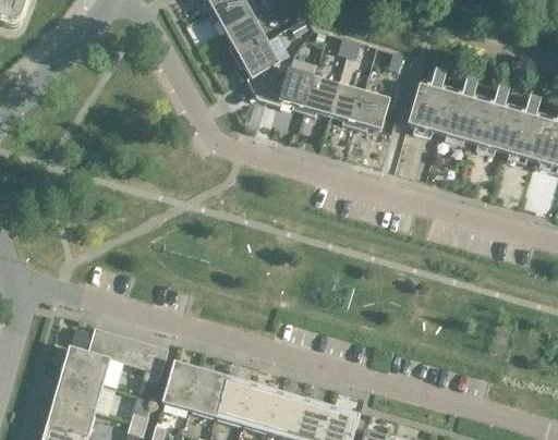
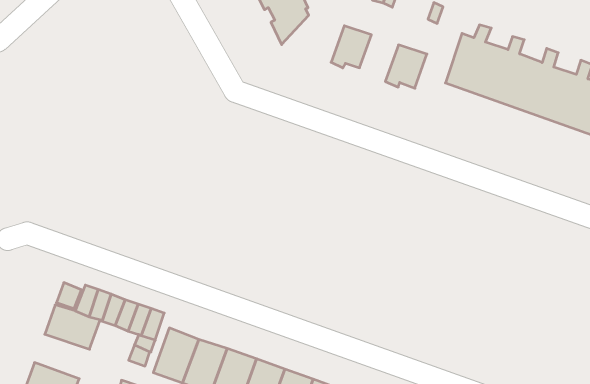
building: [258,70,314,112] -> none
building: [330,85,364,126] -> none
building: [53,375,102,413] -> none

